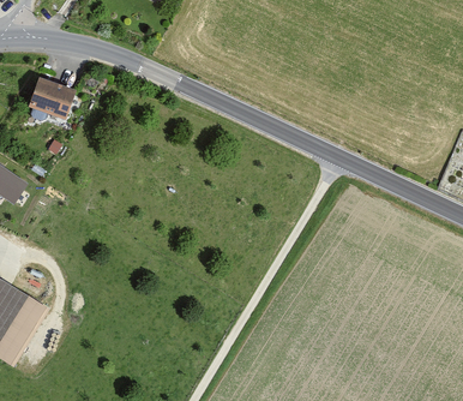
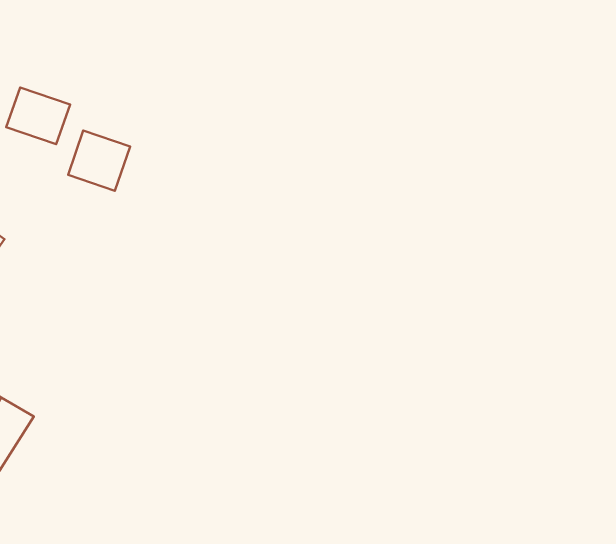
building: none -> [68,130,130,191]

